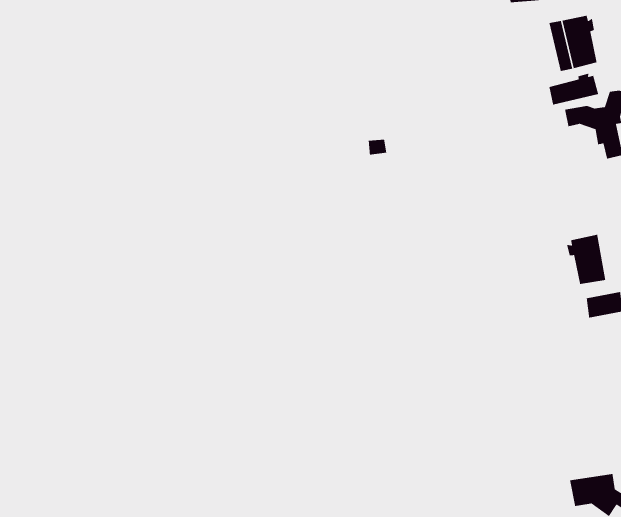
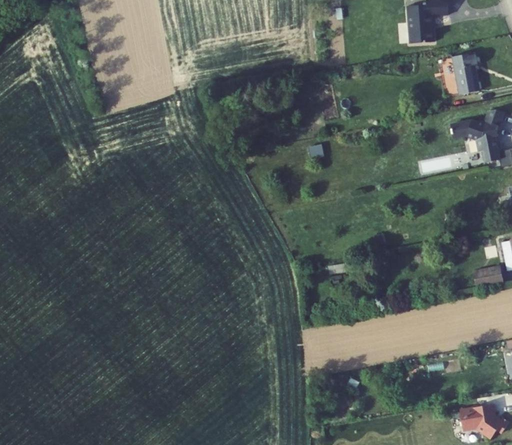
building: [549,72,599,105] -> none
building: [566,234,606,285] -> none

